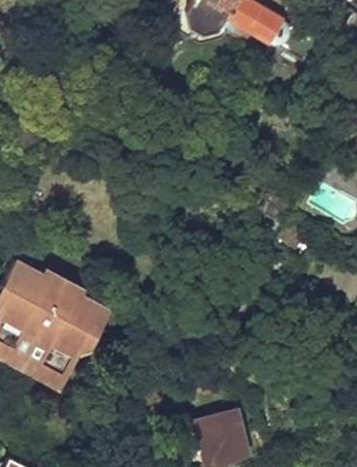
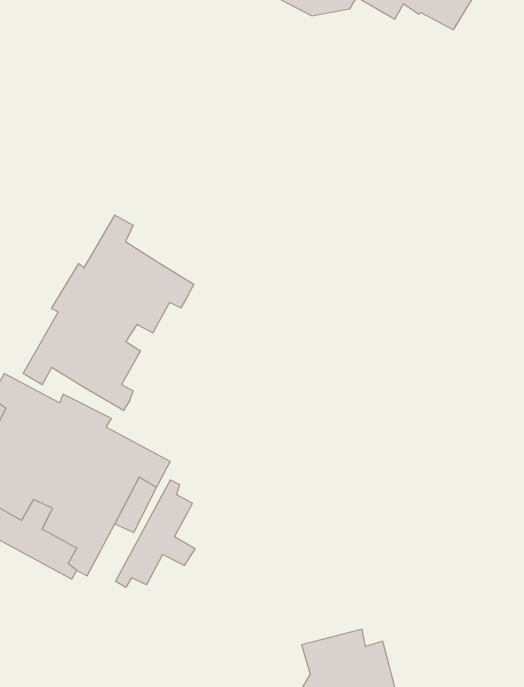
building: none -> [23,215,194,411]
building: none -> [116,480,195,587]

